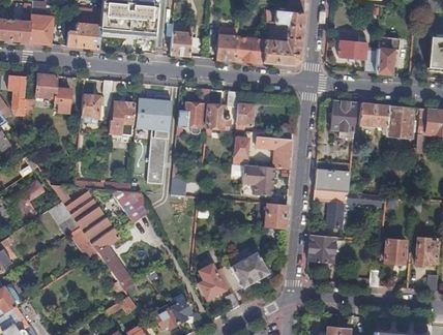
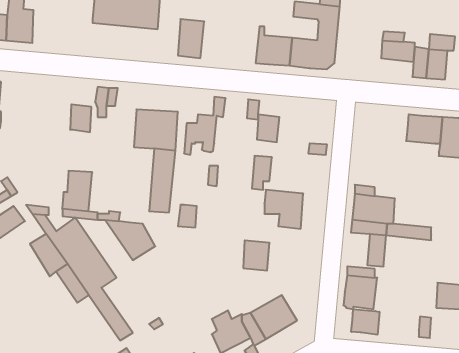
building: [67,23,100,49] -> none
building: [216,28,238,61] -> none
building: [35,74,70,113] -> none
building: [331,101,356,132] -> none
building: [109,102,134,135] -> [62,171,92,211]
building: [205,105,230,136] -> none
building: [256,138,293,170] -> none
building: [265,204,287,229] -> [243,240,270,271]
building: none -> [351,309,379,335]

